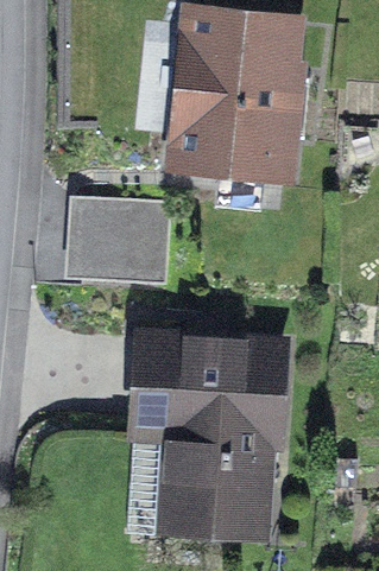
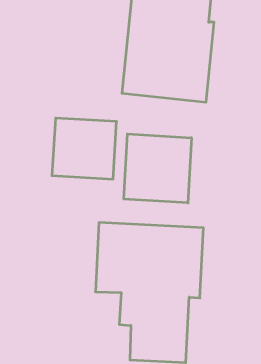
building: none -> [124,134,191,203]

